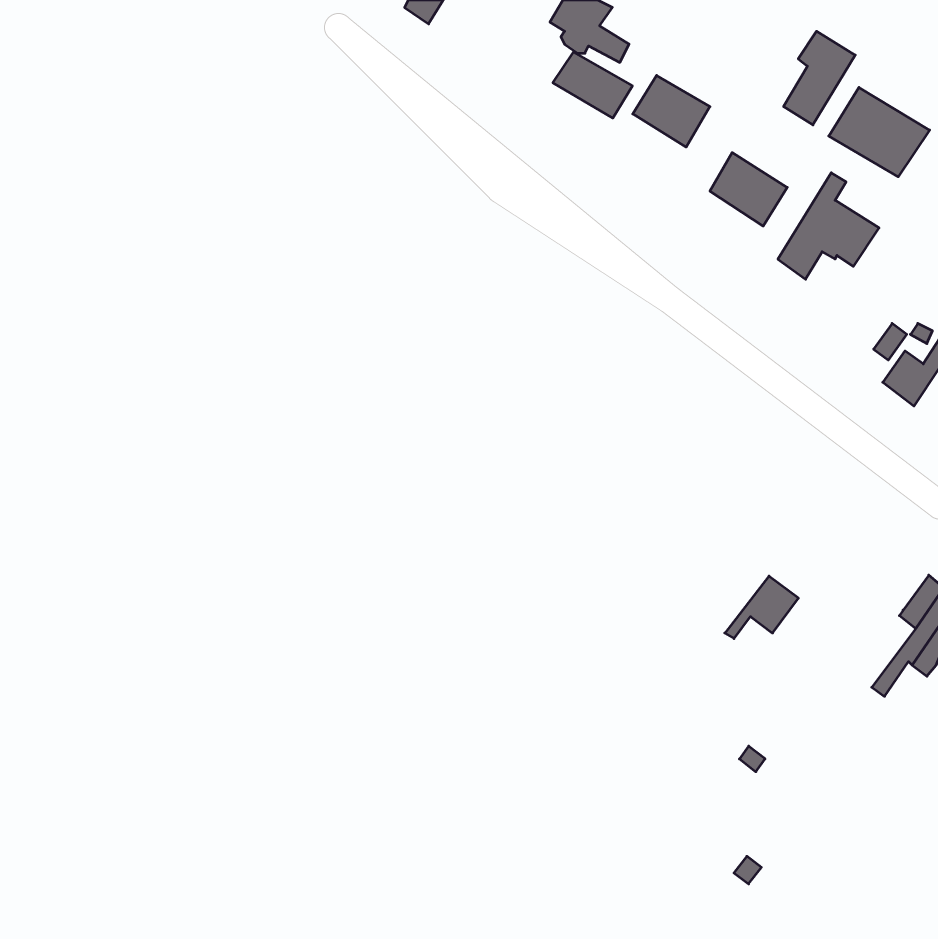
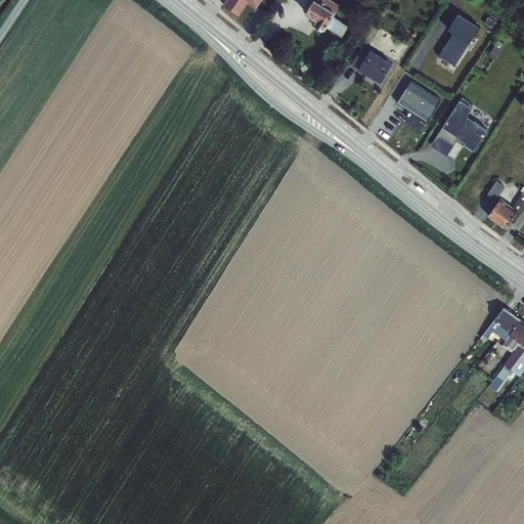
building: [553,52,632,118] -> none
building: [829,87,930,177] -> none
building: [725,576,798,639] -> [477,308,518,343]

